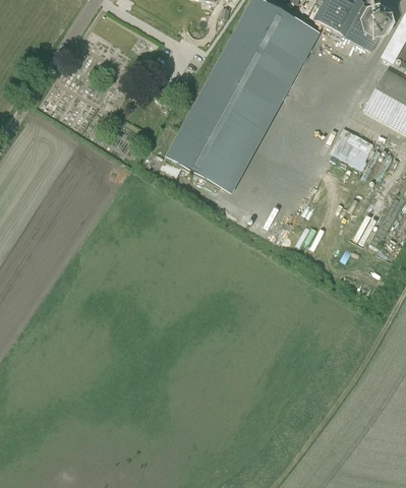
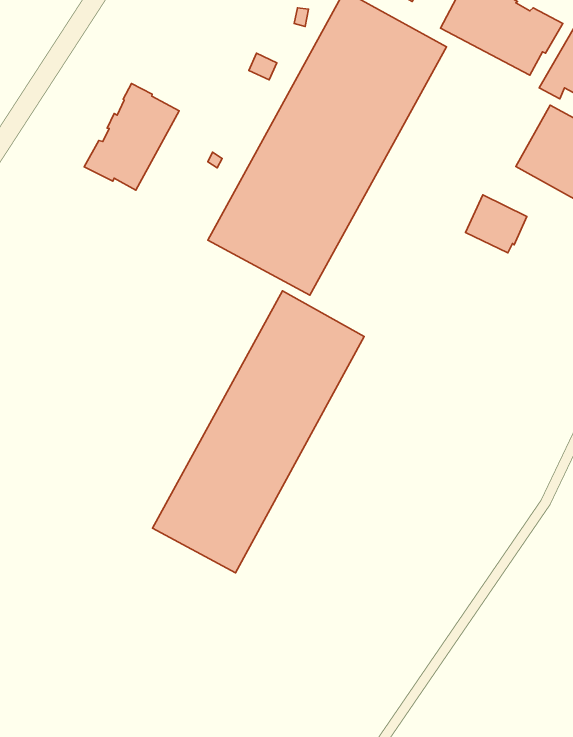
building: none -> [84,84,179,190]
building: none -> [153,291,364,573]

